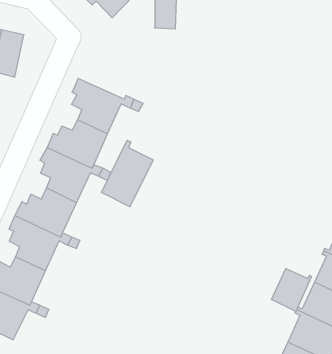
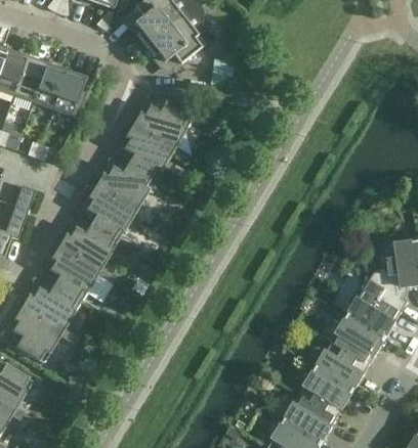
building: none -> [131,101,191,148]
building: [102,140,153,207] -> none
building: [272,268,311,311] -> none

